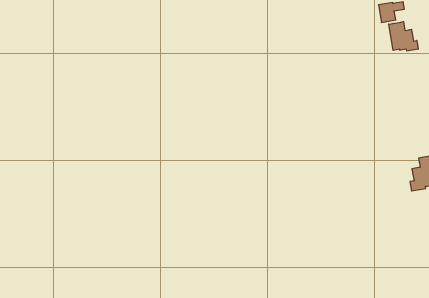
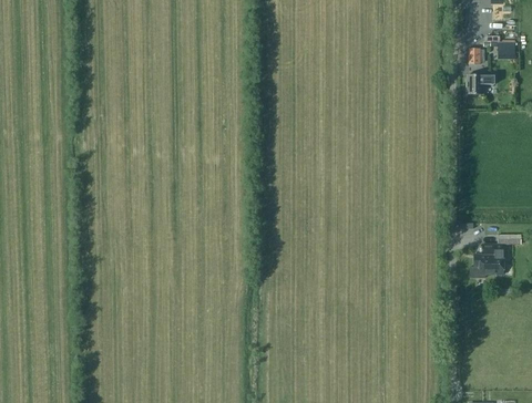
building: [389,22,418,51] -> none

